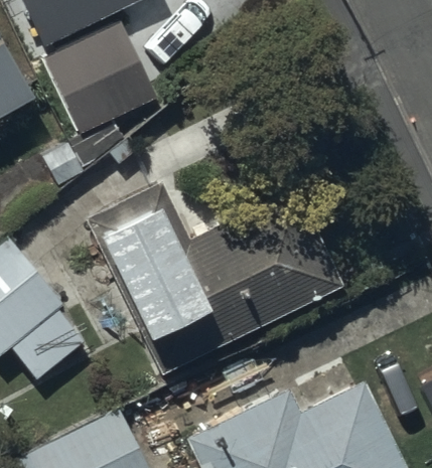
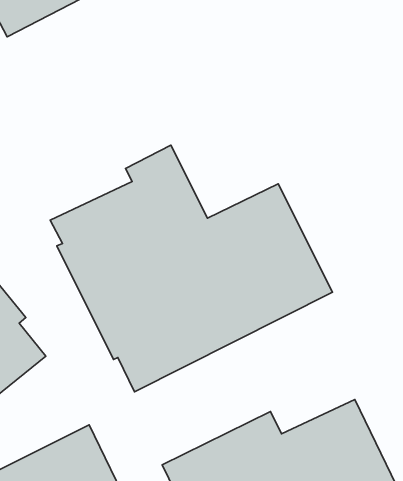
building: [46,25,153,134] -> none

